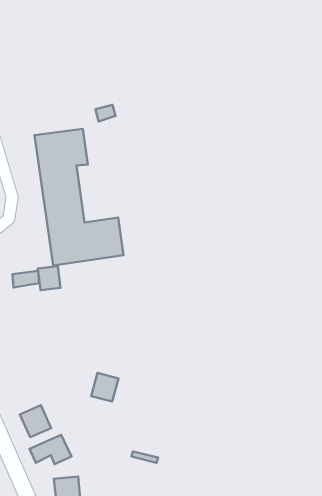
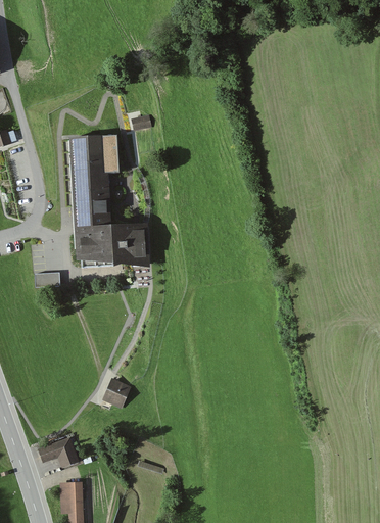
building: [38,266,61,290] -> none
building: [20,405,51,437] -> none

